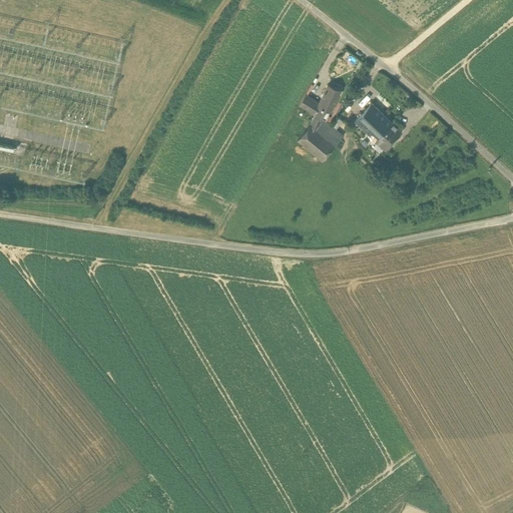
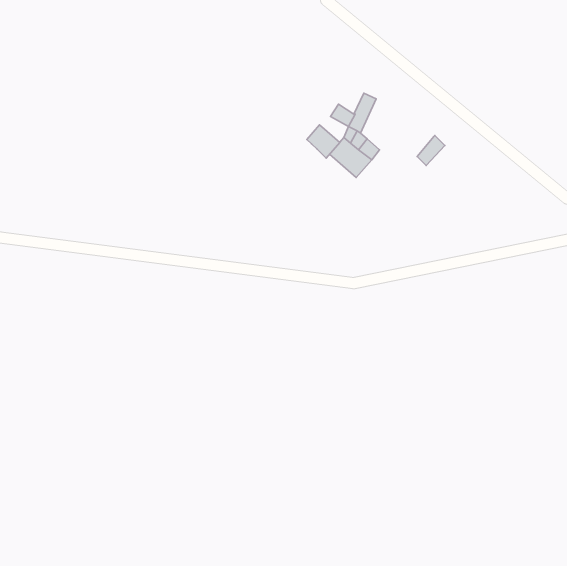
building: [355,103,392,142] -> none
building: none -> [307,125,340,158]

